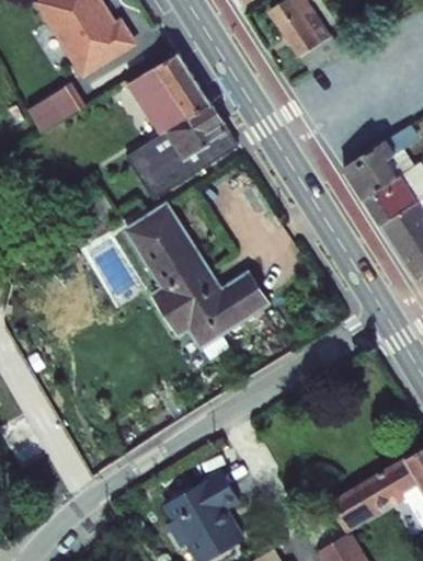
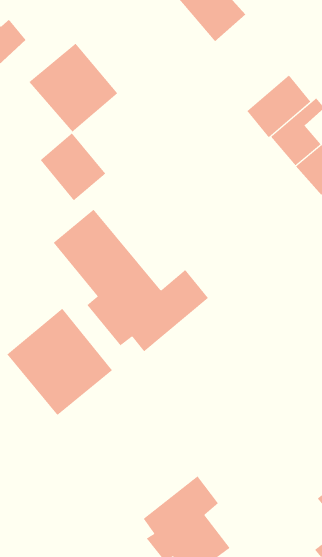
building: [162,103,237,175] -> none
building: none -> [247,74,311,138]
building: none -> [6,308,113,416]

